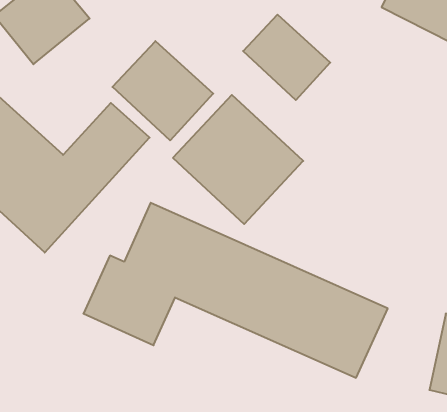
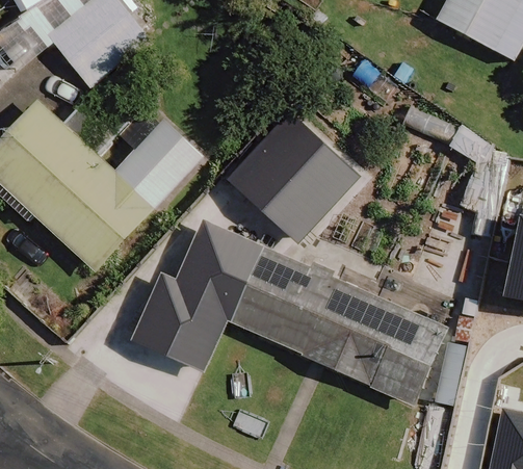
building: [243,15,330,100] -> none
building: [112,41,213,140] -> none

